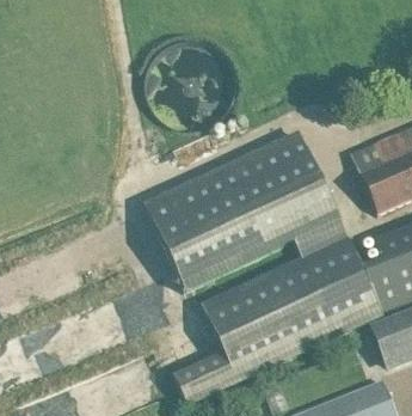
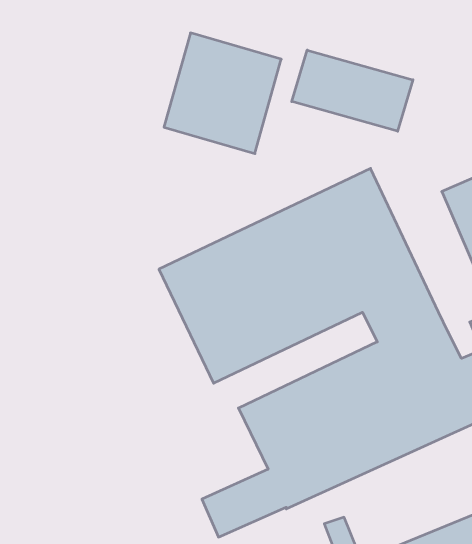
building: none -> [292,50,413,131]

